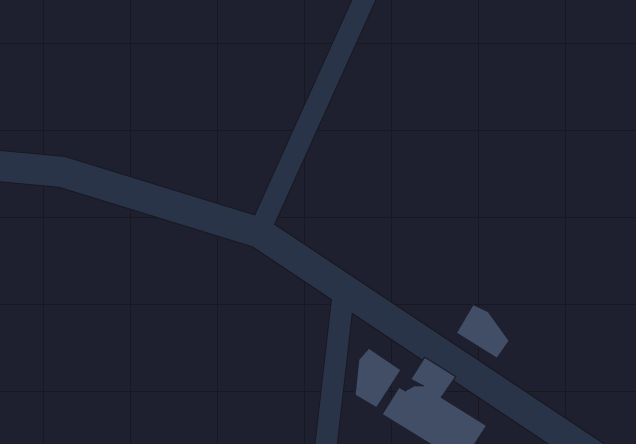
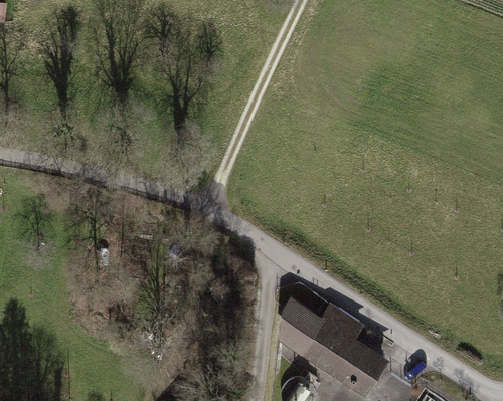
building: [456,305,509,358] -> none

